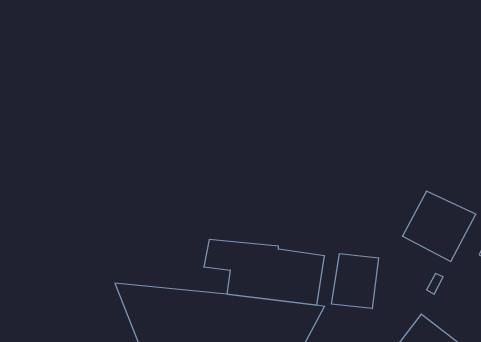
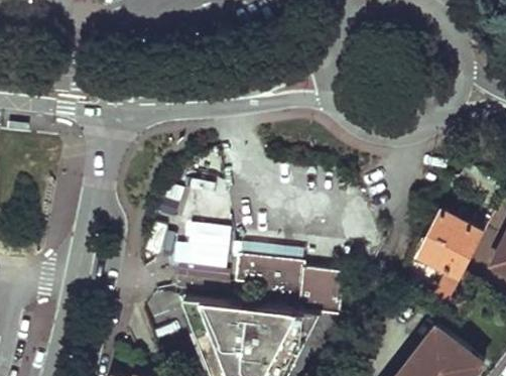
building: none -> [181,223,226,269]
building: [332,254,378,309] -> none

